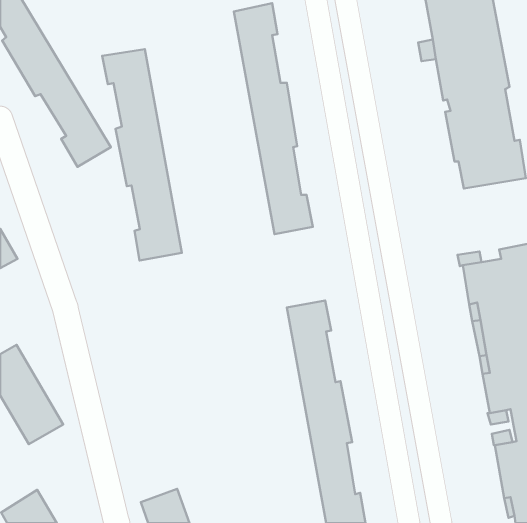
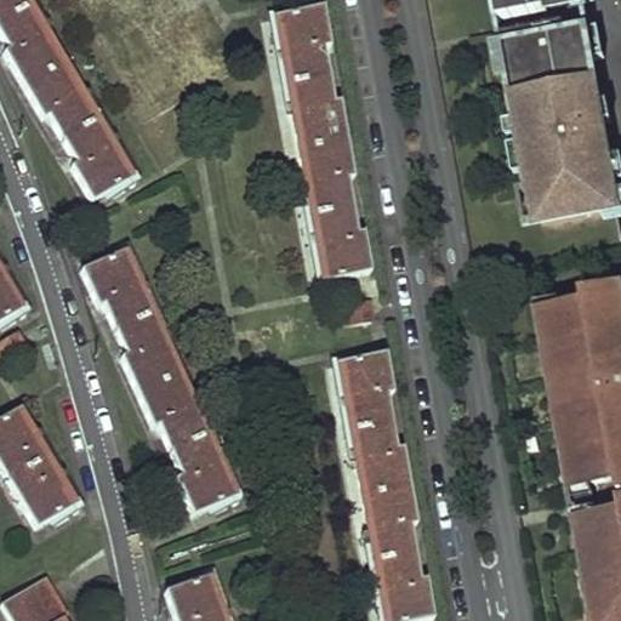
building: [102,49,182,260] -> none
building: none -> [84,247,235,508]

